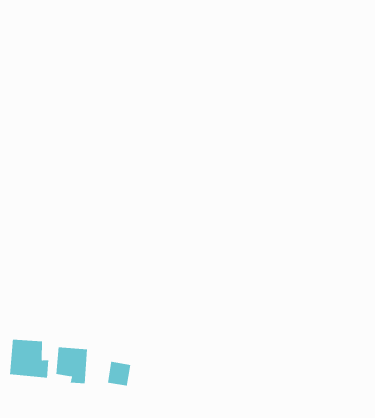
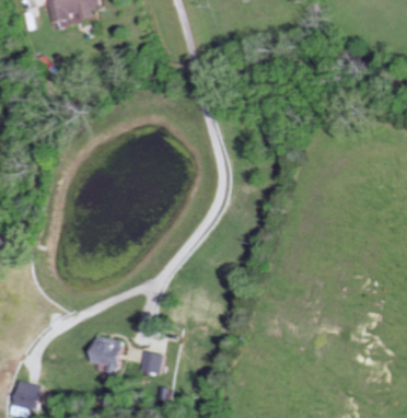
building: [10,339,49,378] -> none

